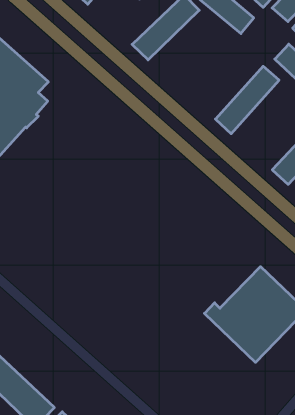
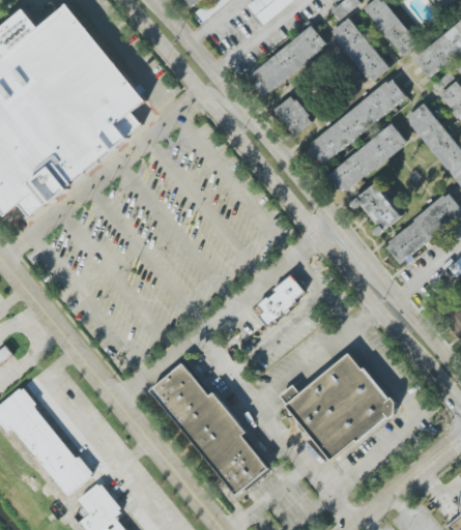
building: none -> [305,78,406,166]
building: none -> [273,95,313,136]
building: none -> [354,183,401,232]
building: none -> [252,276,307,325]
building: none -> [150,363,269,496]

